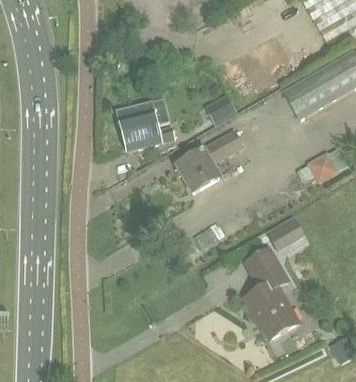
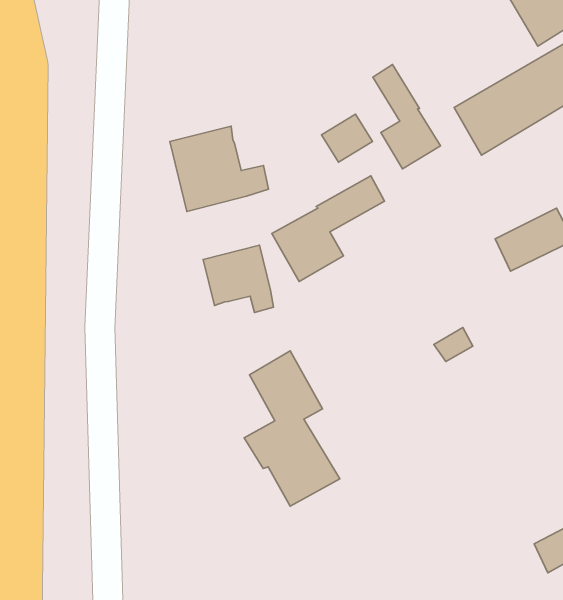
building: none -> [373,64,440,169]
building: none -> [203,245,274,313]
building: [243,247,299,338] -> [244,351,340,506]

